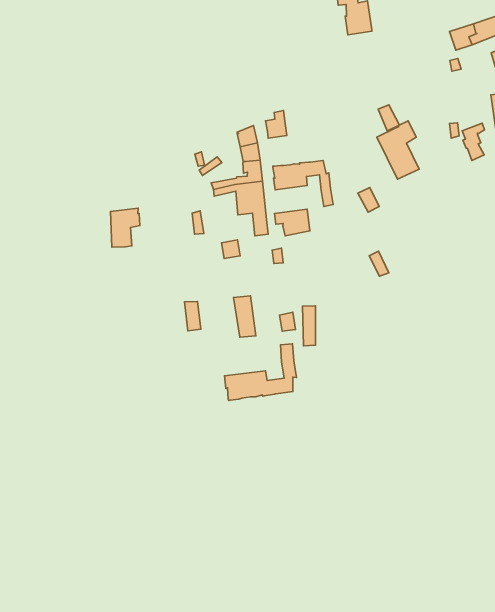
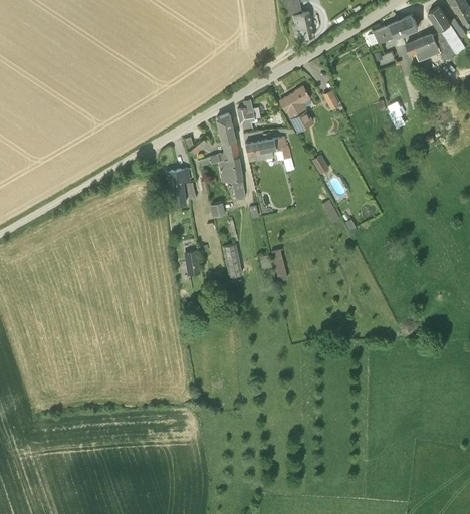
building: [377,121,419,179] -> [279,86,313,132]
building: [110,208,140,247] -> [166,168,189,199]
building: [274,209,310,236] -> none
building: [225,344,296,401] -> none

